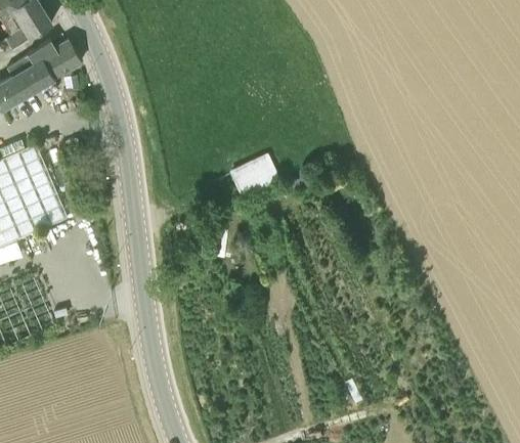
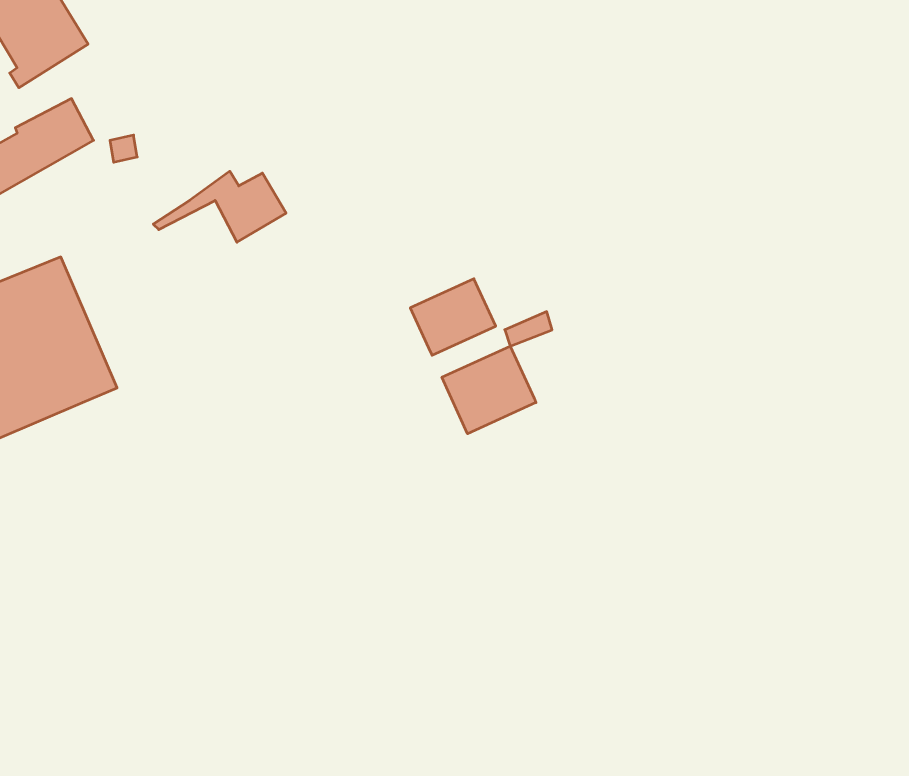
building: [6,40,81,80] -> [153,171,286,242]
building: none -> [442,346,536,434]

